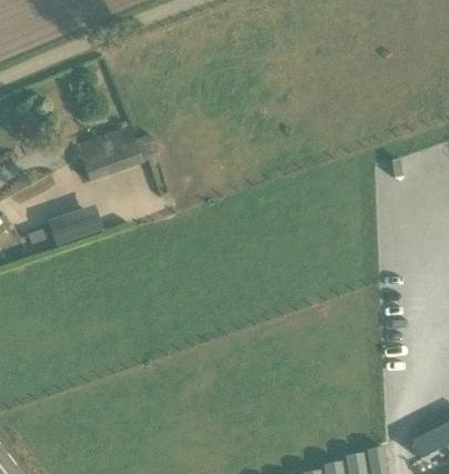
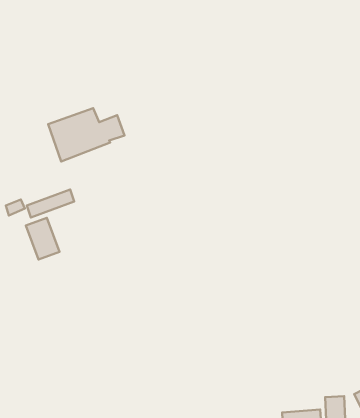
building: none -> [26,218,60,259]

